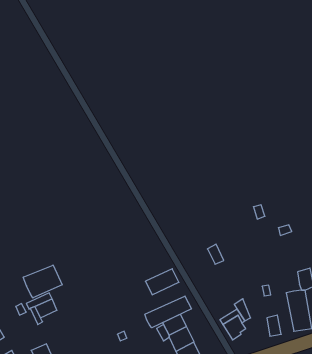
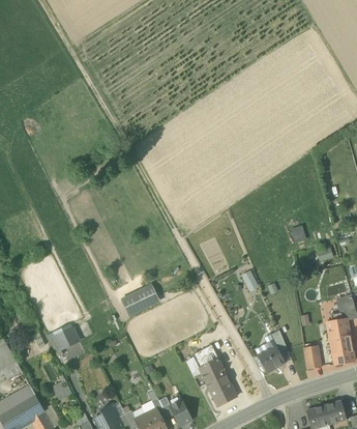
building: [23,265,62,298] -> none
building: [145,269,179,295] -> [122,287,158,315]
building: [145,296,191,328] -> none

